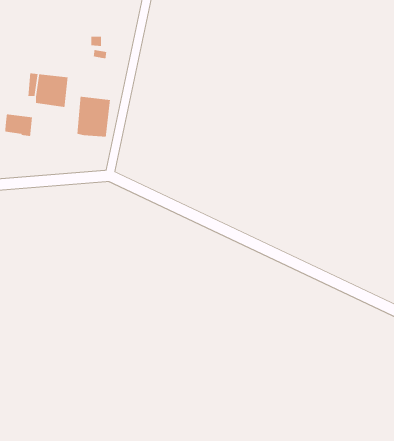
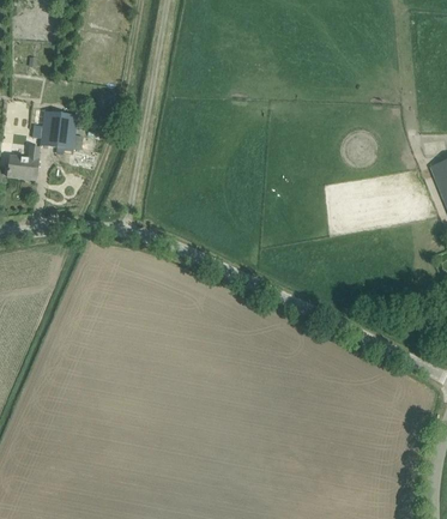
building: [77,96,111,138] -> none

